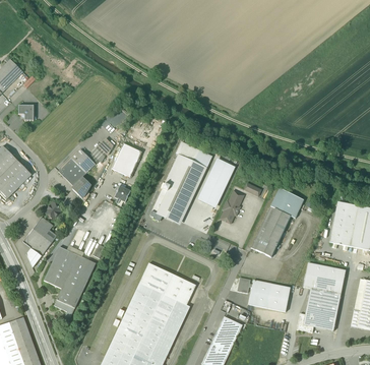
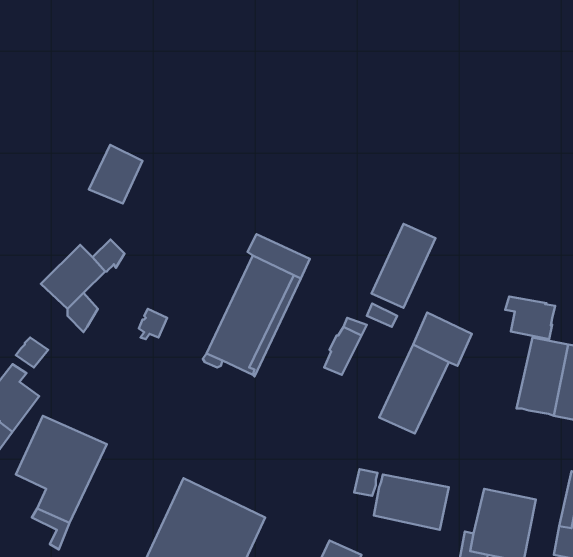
building: [111,143,141,177] -> [89,145,142,204]
building: [197,160,234,207] -> [372,224,436,308]
building: none -> [505,296,555,339]
building: [139,263,195,305] -> none
building: [303,263,346,295] -> none

